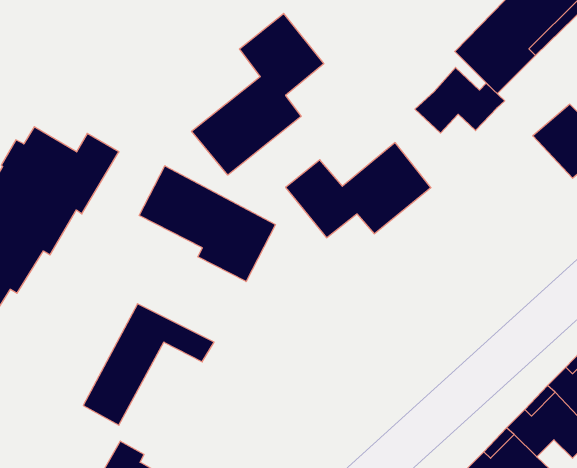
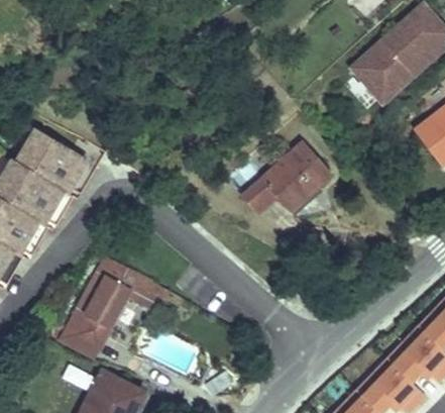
building: [192,13,324,175] -> none
building: [415,67,505,133] -> none
building: [139,166,275,282] -> none

